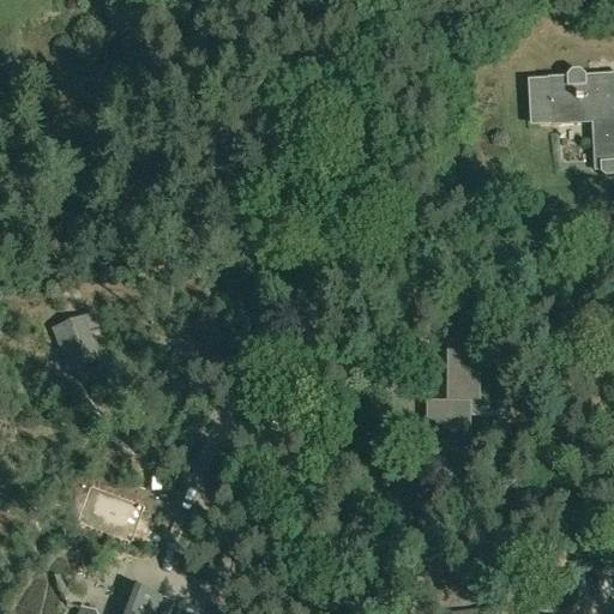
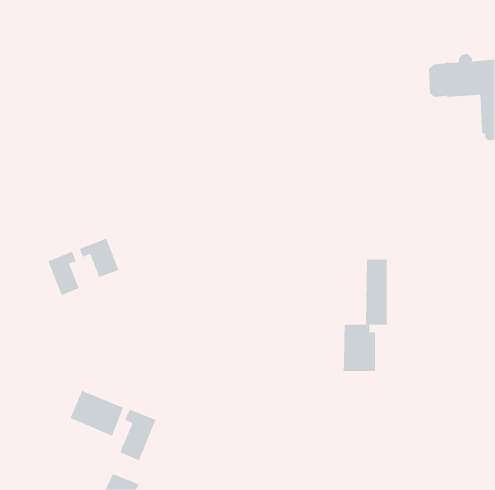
building: none -> [79,238,119,278]
building: none -> [120,409,156,461]

